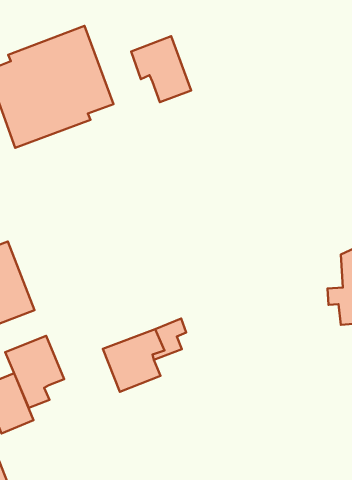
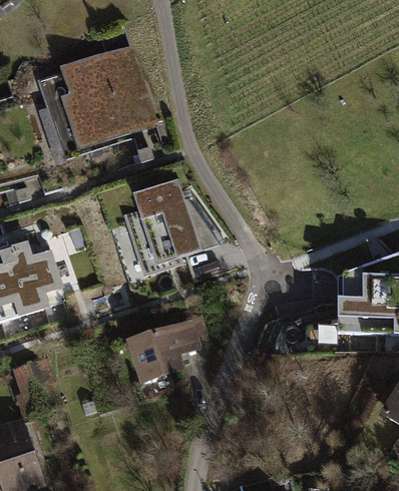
building: [131,36,191,102] -> none
building: none -> [127,178,204,273]
building: [5,336,64,408] -> none

